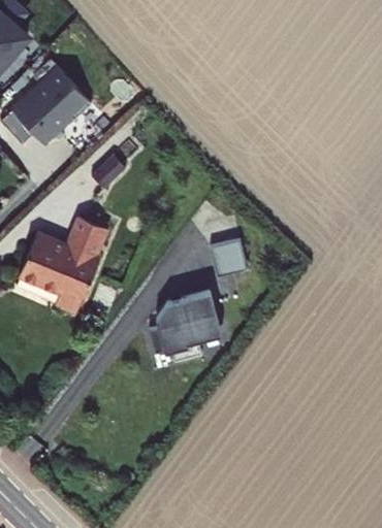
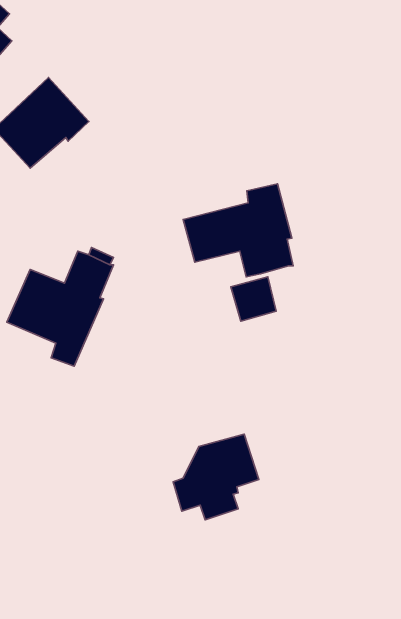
building: none -> [183,184,293,277]
building: [147,290,219,362] -> [173,434,259,520]

